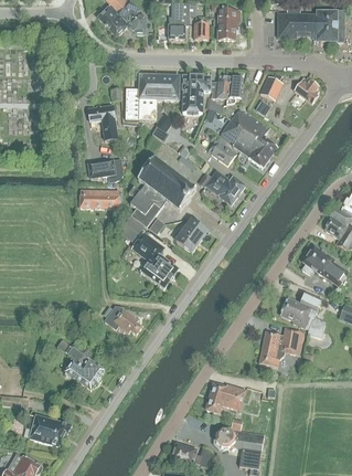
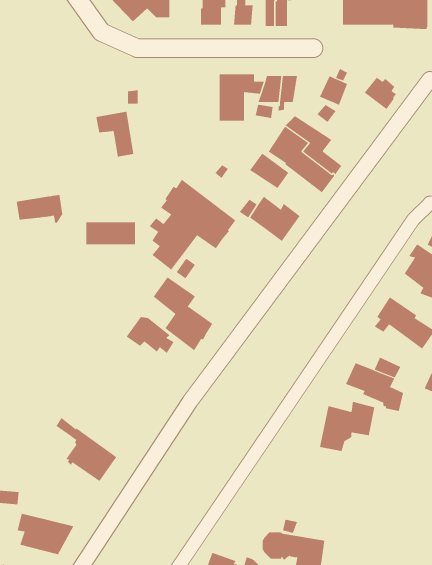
building: [125,74,179,130] -> none
building: [87,157,124,179] -> [16,194,63,223]
building: [175,219,205,251] -> none
building: [104,305,141,334] -> [126,316,174,354]
building: [205,382,246,412] -> none

